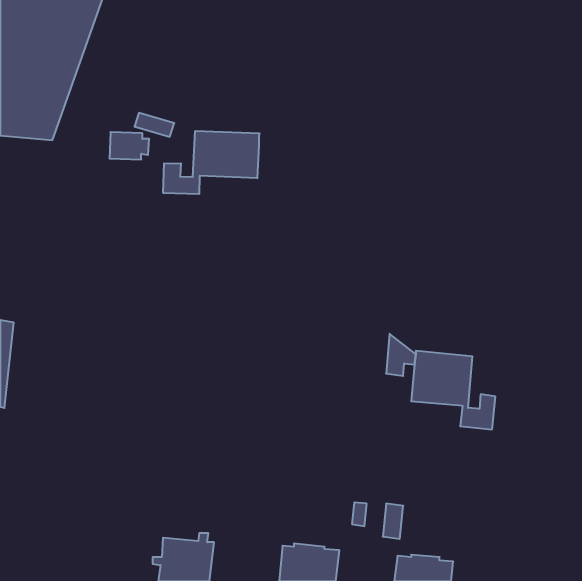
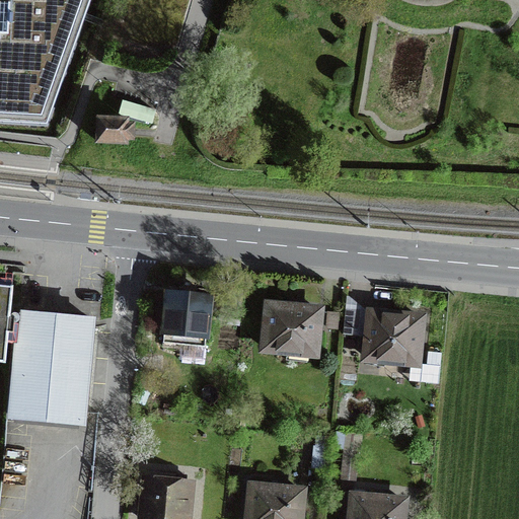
building: [163,131,259,194] -> none
building: none -> [162,292,210,347]
building: none -> [265,303,319,353]
building: none -> [11,312,91,423]

